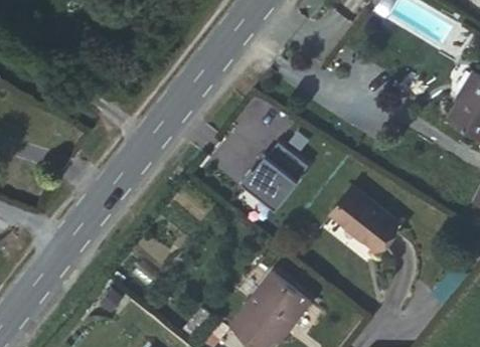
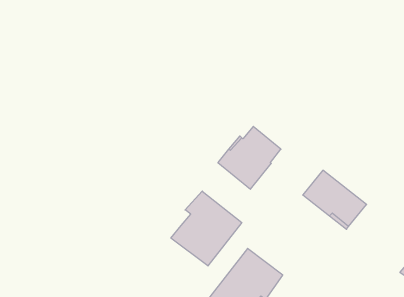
building: none -> [171,191,242,266]

